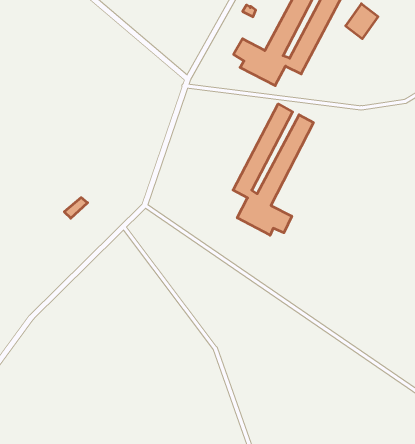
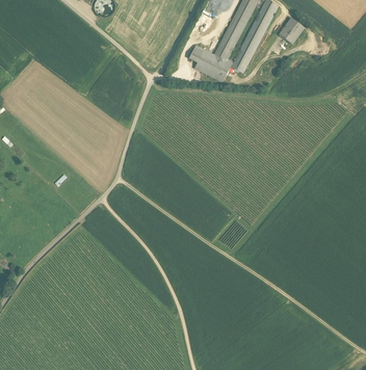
building: [233,104,313,235] -> none

